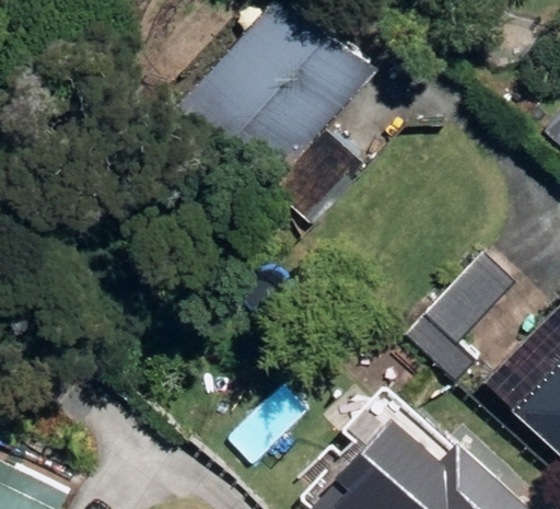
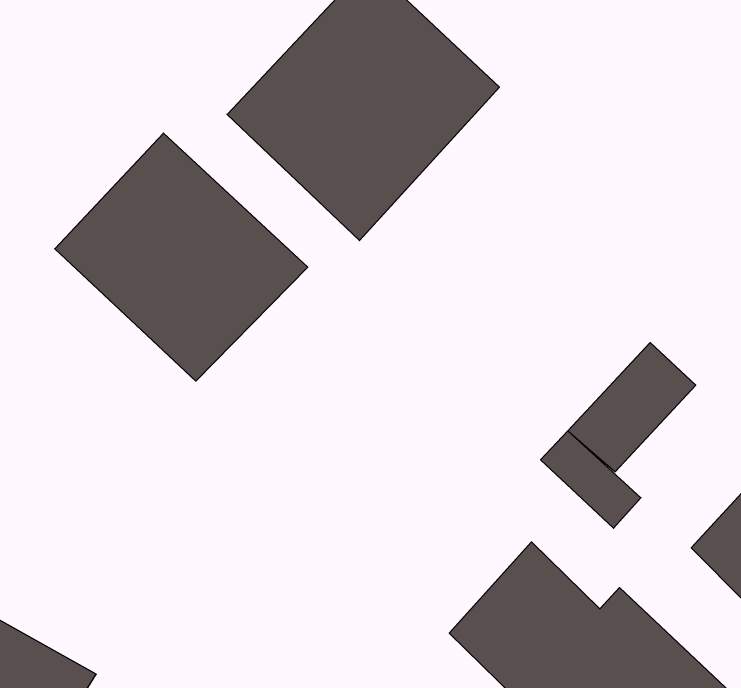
building: none -> [55,133,308,381]

